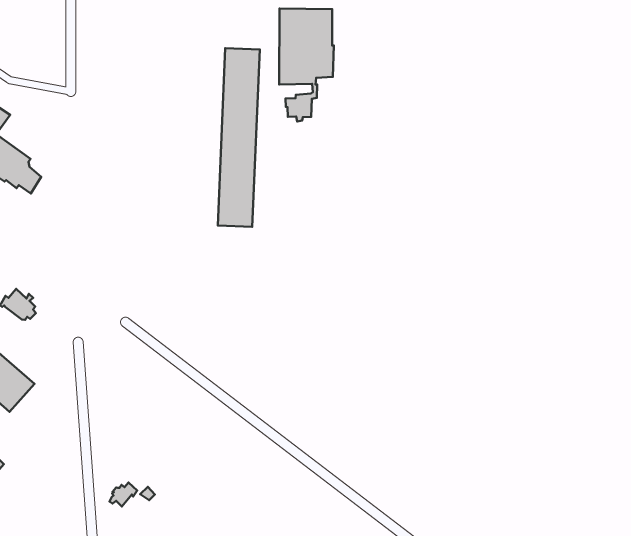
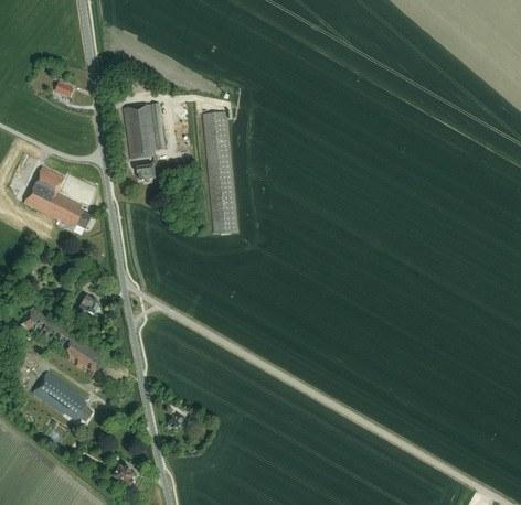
building: [279,8,334,122] -> [123,104,164,182]

